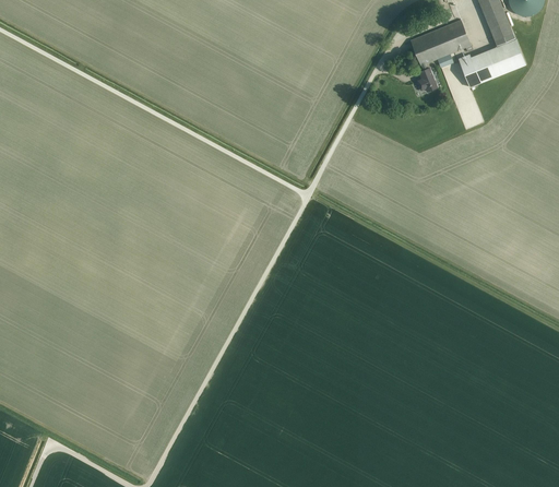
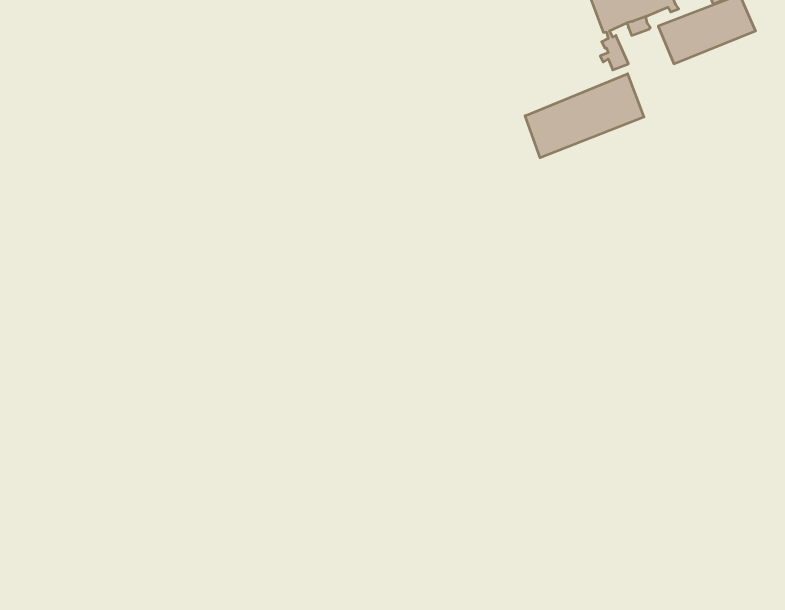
building: none -> [525,74,644,158]

